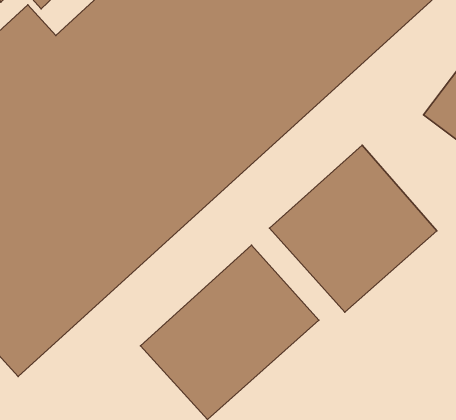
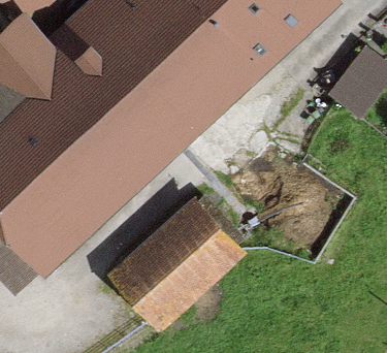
building: [269,145,437,312] -> none

